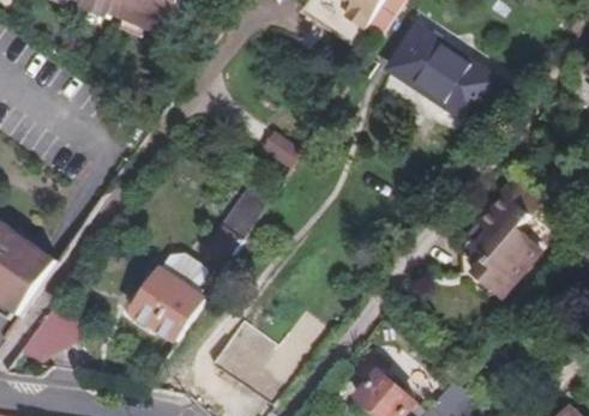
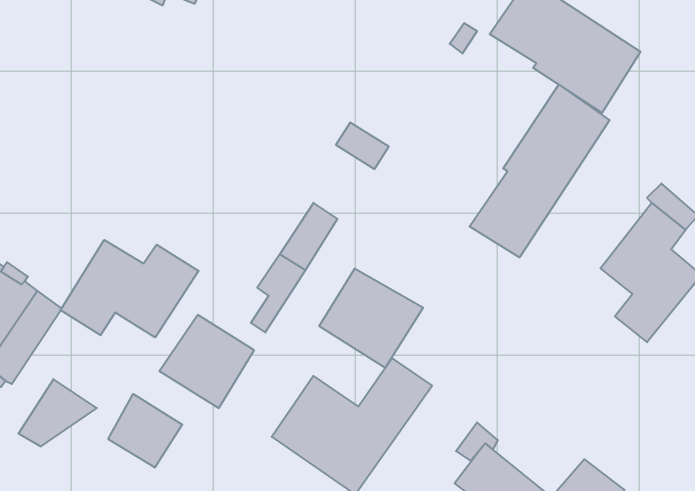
building: none -> [470,85,610,257]
building: none -> [61,240,199,337]
building: none -> [319,268,423,368]
building: none -> [108,394,182,468]

